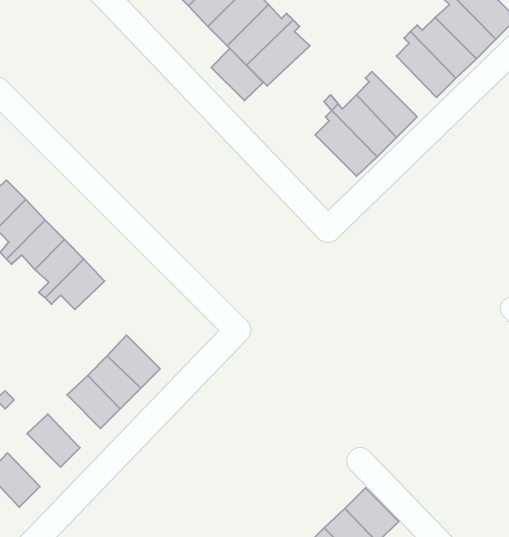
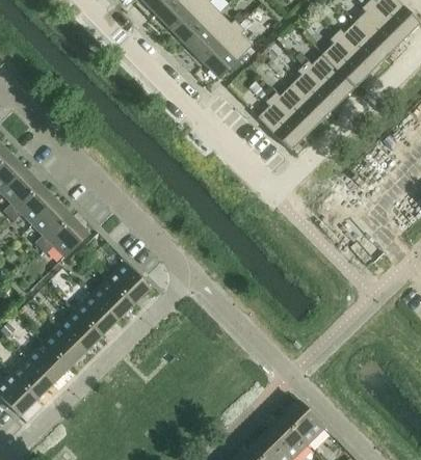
building: [211,48,263,101] -> none
building: none -> [302,55,354,104]
building: none -> [105,264,149,306]
building: none -> [42,327,84,370]
building: none -> [9,358,52,401]

